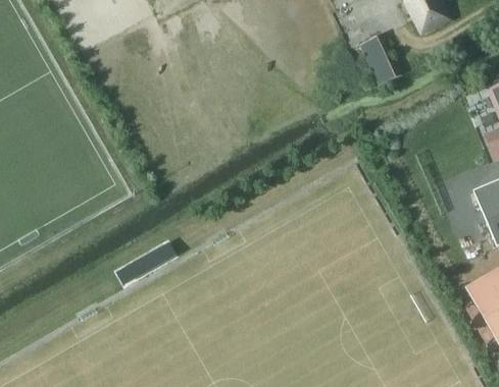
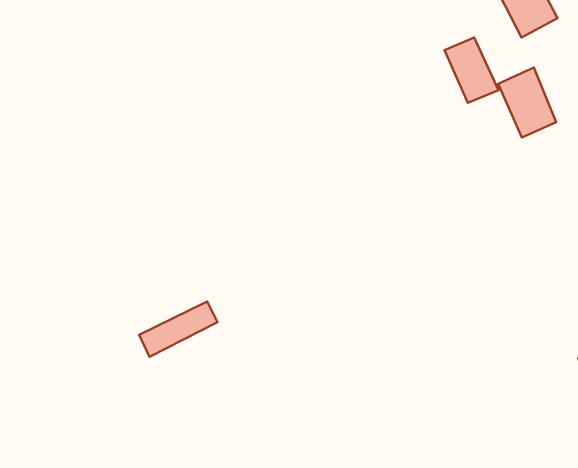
building: none -> [498,68,556,138]

